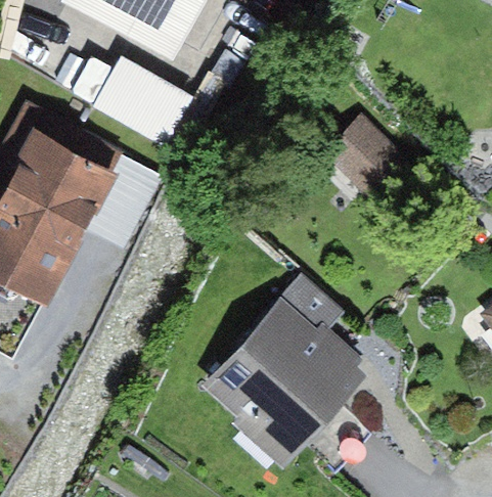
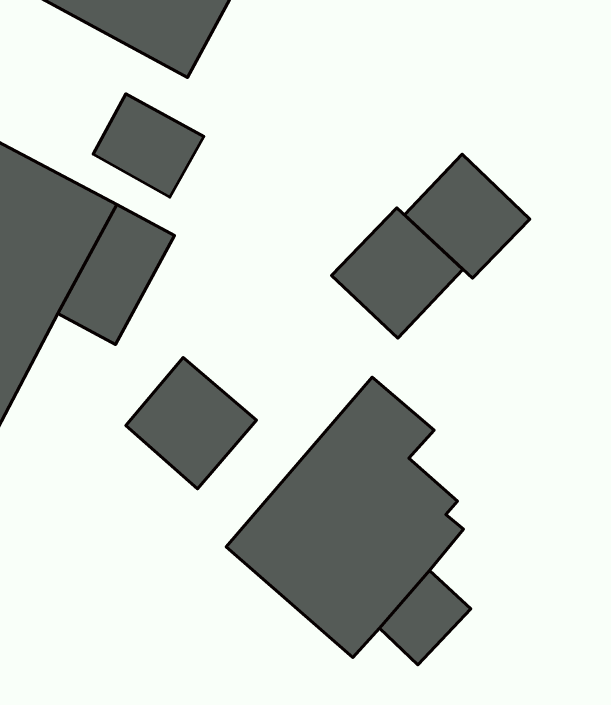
building: none -> [332,208,463,338]
building: none -> [126,357,256,489]

